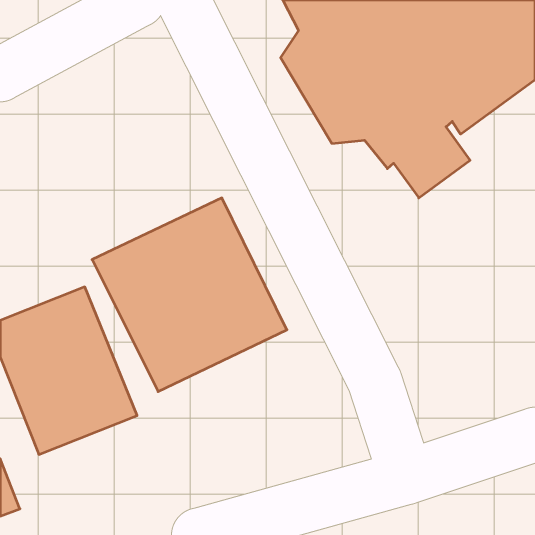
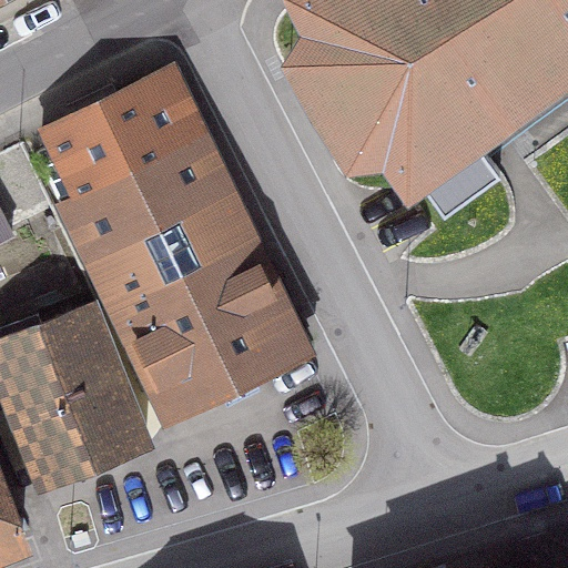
building: none -> [40,72,235,275]

